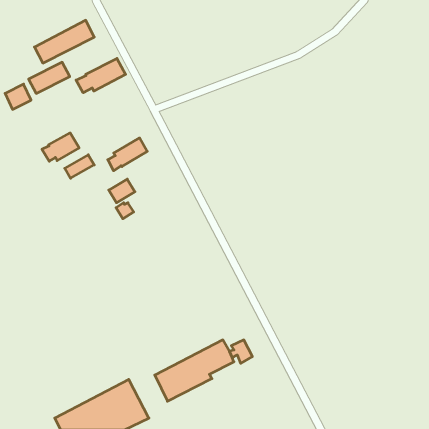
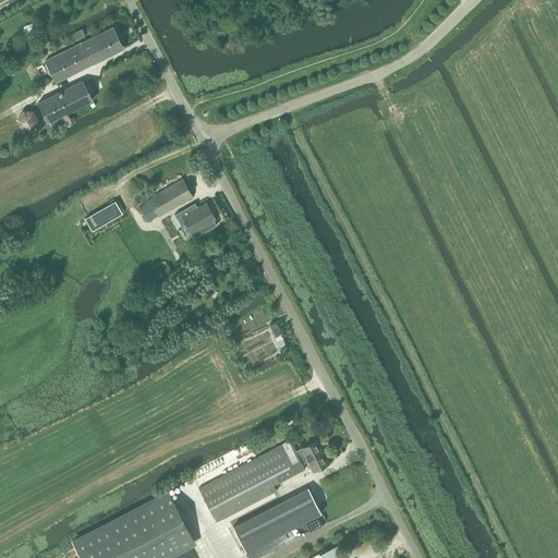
building: [76,58,126,93] -> none
building: [42,133,79,161] -> none
building: [109,179,135,203] -> [181,204,215,234]
building: none -> [231,488,319,553]

